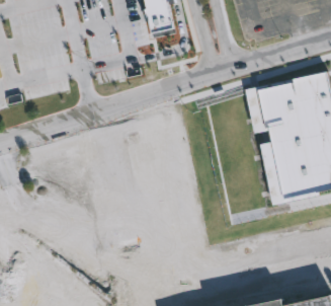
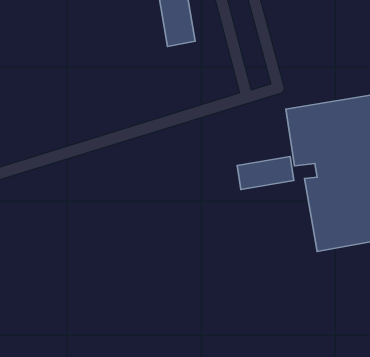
building: none -> [237,157,294,189]

